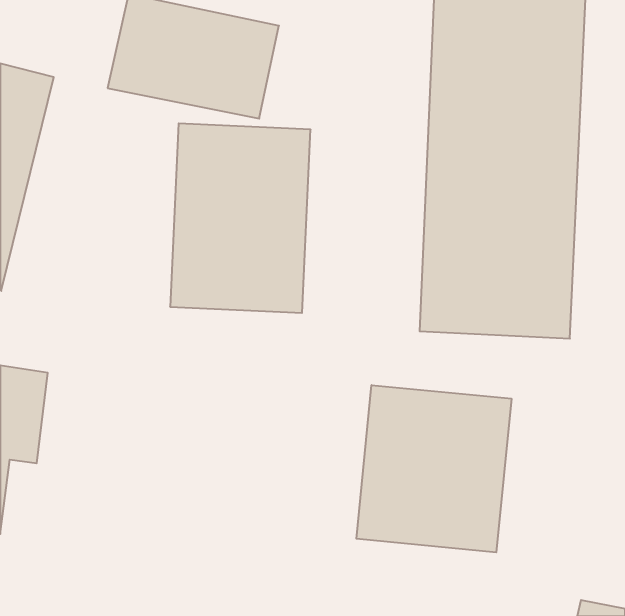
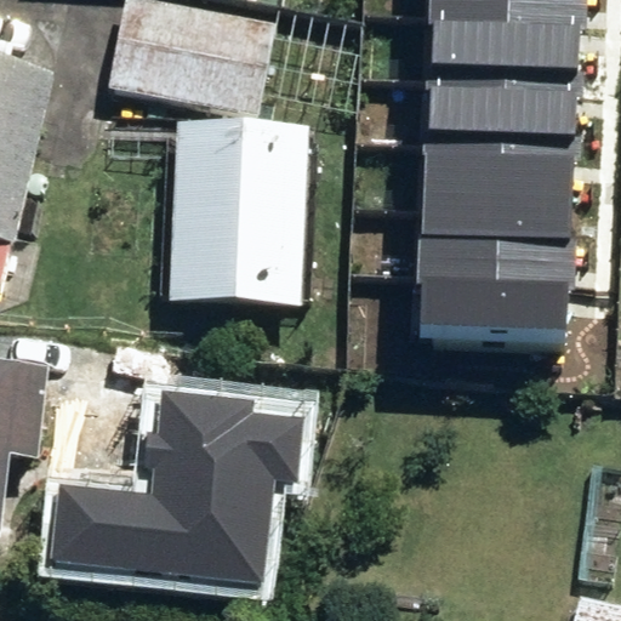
building: [356,385,511,552] -> none
building: none -> [50,384,292,572]

